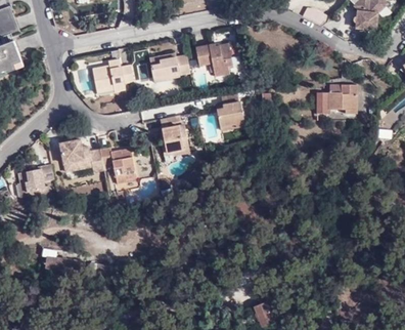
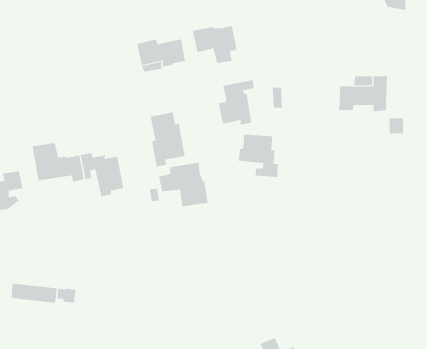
building: [92,59,134,92] -> none
building: none -> [238,134,279,178]
building: none -> [159,162,209,207]

